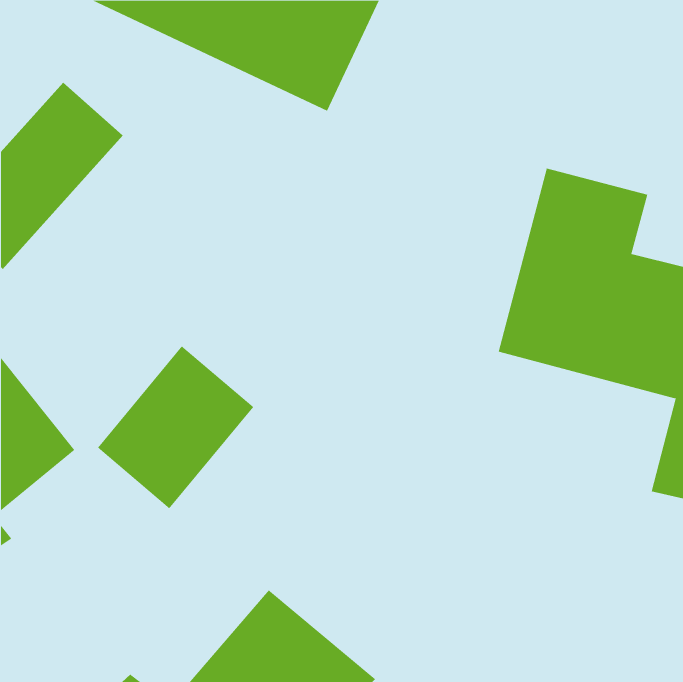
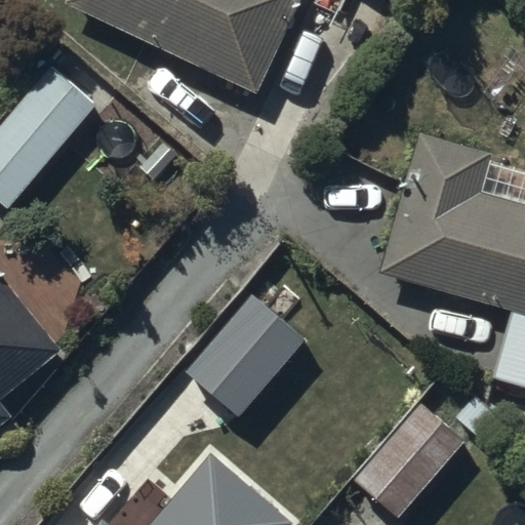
building: [97,345,254,509] -> [186,292,306,417]
building: none -> [352,403,463,518]

